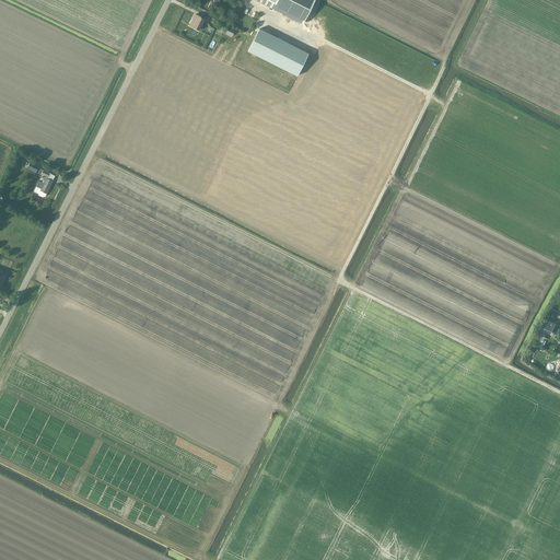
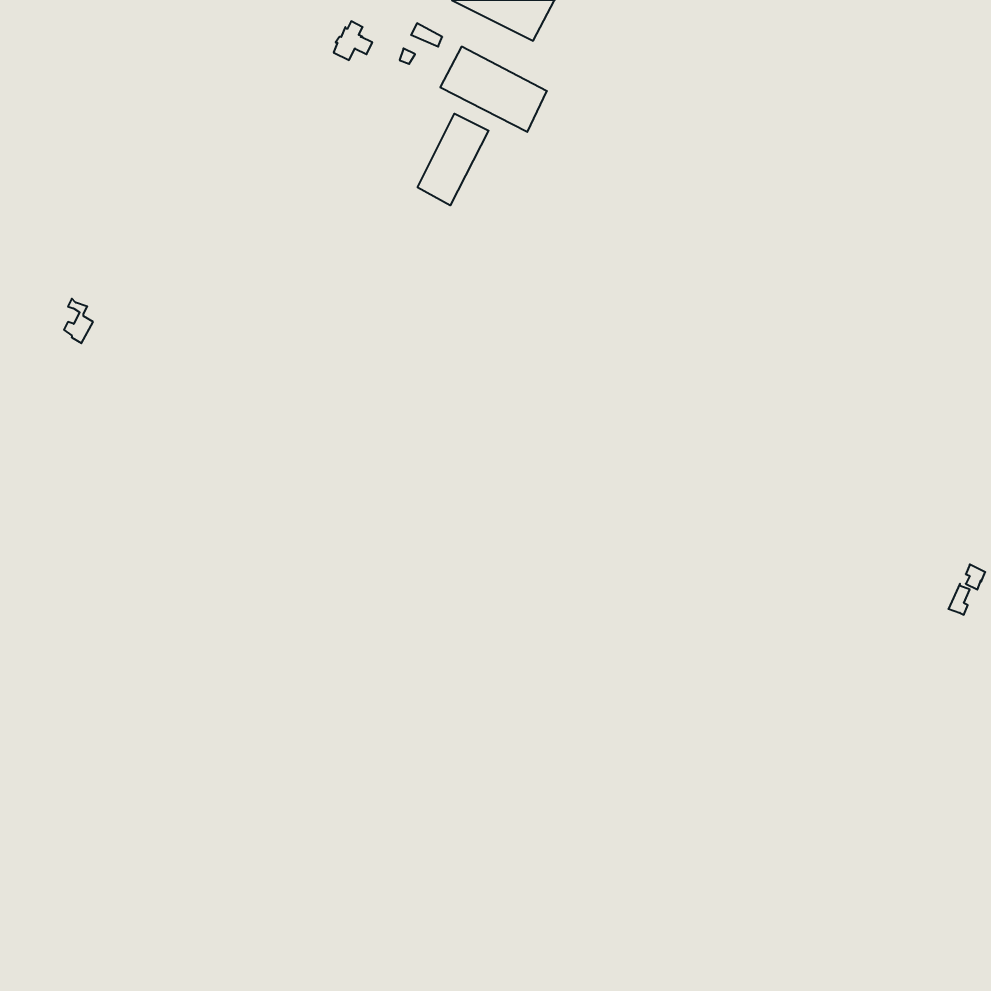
building: none -> [418,114,489,205]

